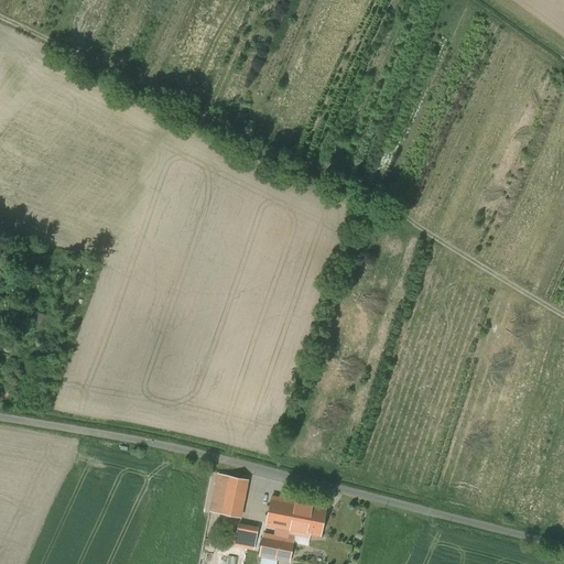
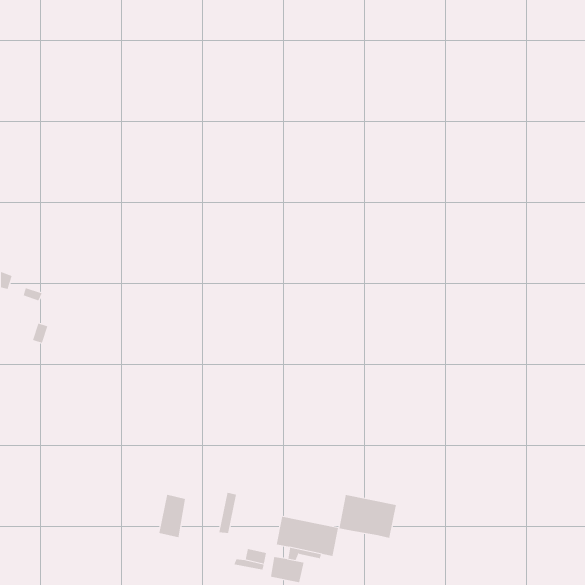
building: none -> [339,494,397,539]
building: [220,476,247,518] -> [158,494,186,538]

